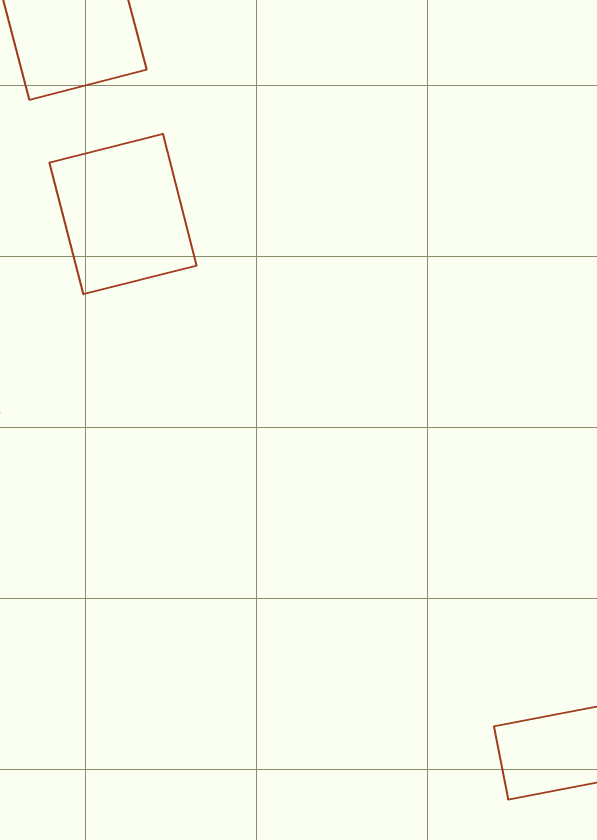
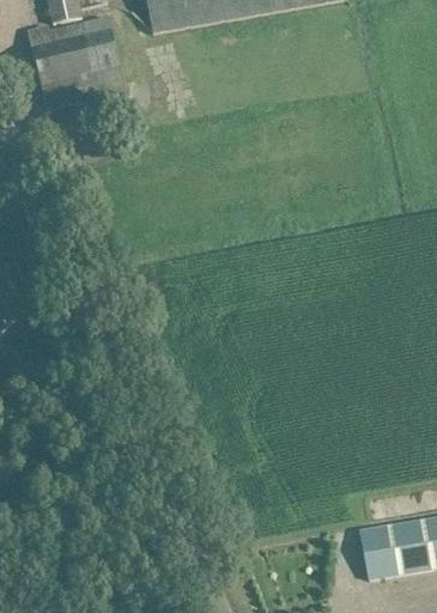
building: [50,134,197,294] -> none

